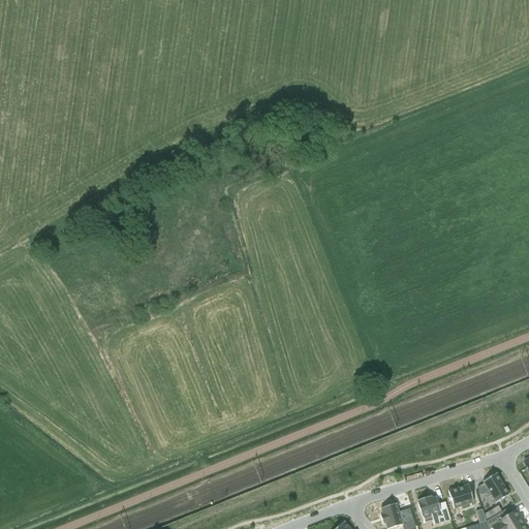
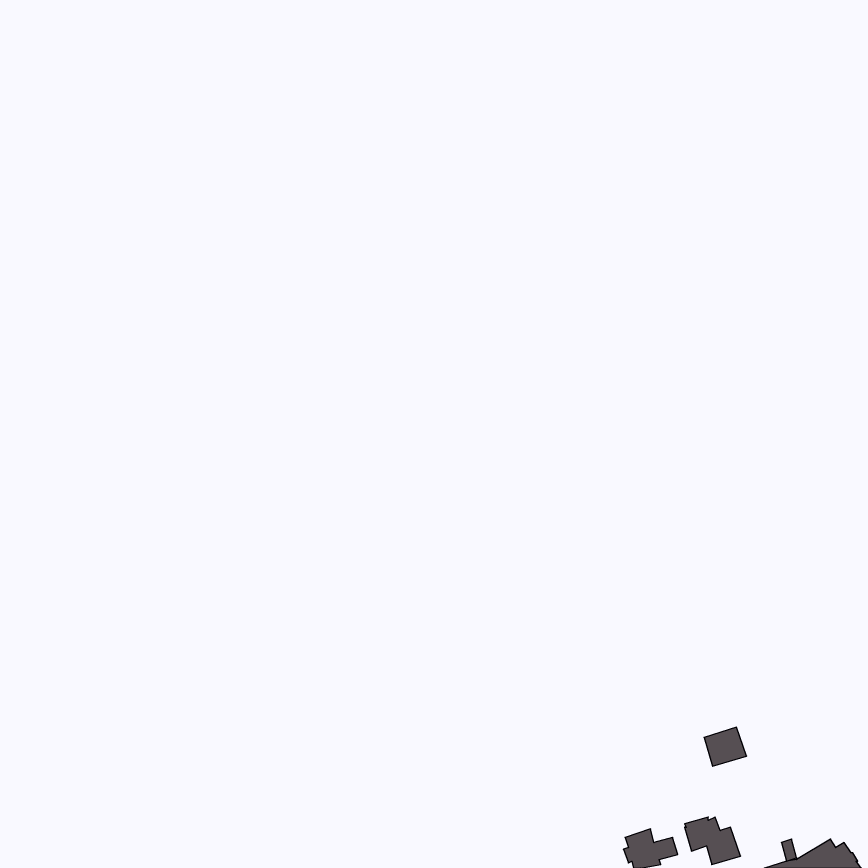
building: [483,474,508,503] -> none
building: [447,486,473,509] -> [704,727,747,766]

